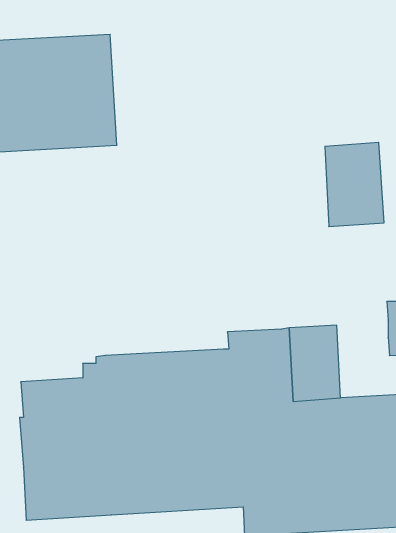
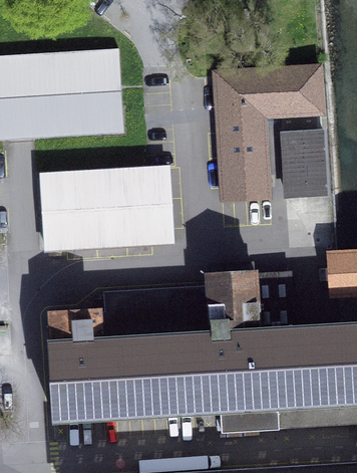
building: none -> [215,66,322,199]
building: none -> [41,168,171,249]

